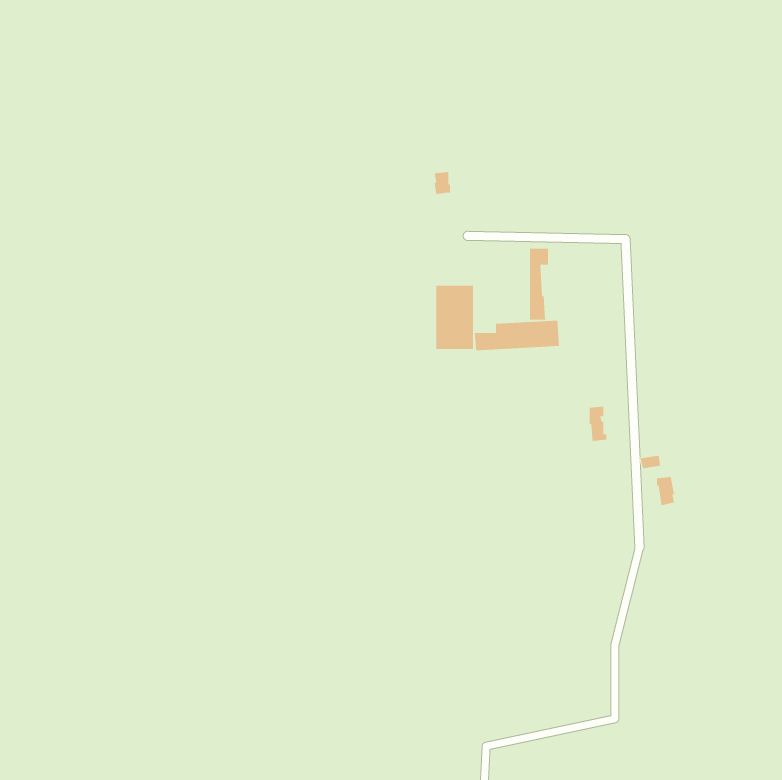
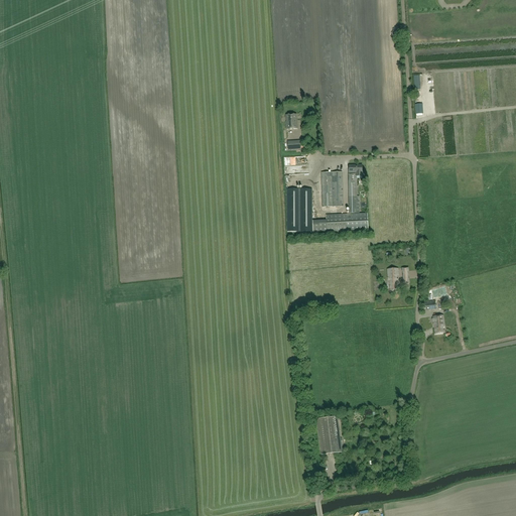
building: none -> [320,170,343,206]
building: none -> [318,417,344,456]

